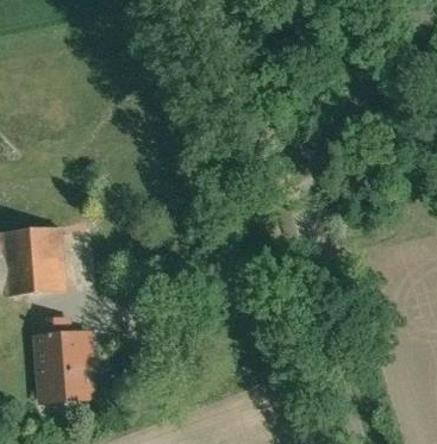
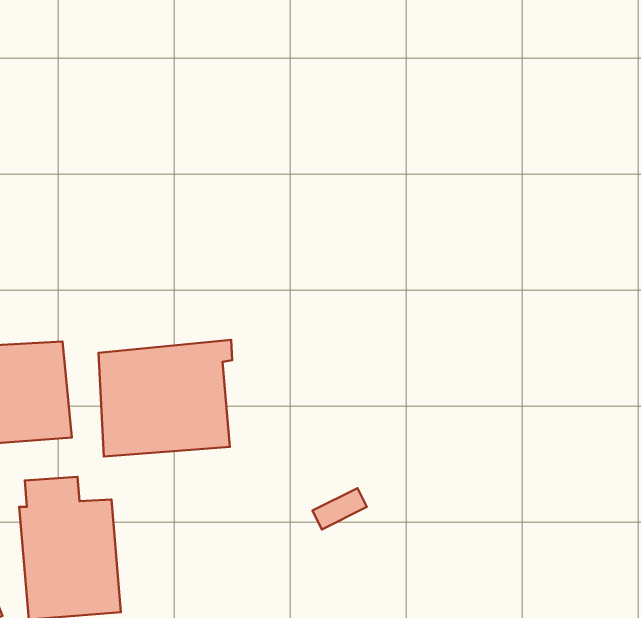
building: none -> [98,340,232,456]

